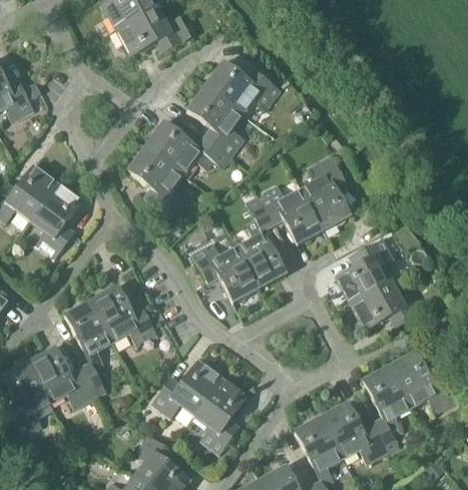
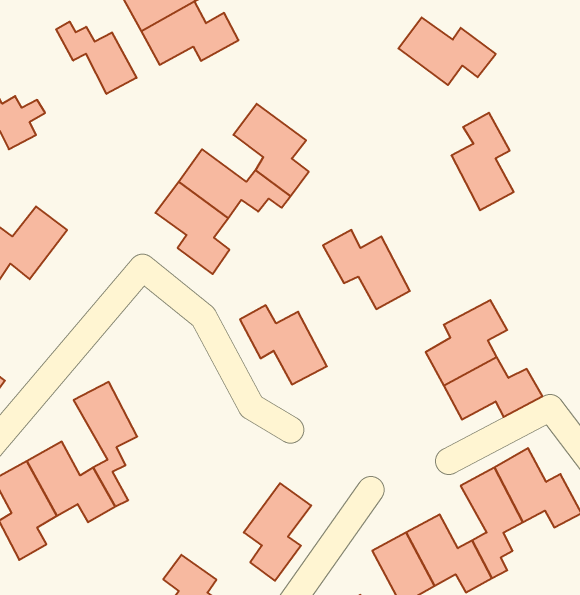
building: none -> [56,22,137,94]
building: [204,61,280,113] -> [398,17,496,85]
building: [301,154,349,229] -> [451,113,514,210]
building: [29,182,82,258] -> none
building: [237,194,285,288] -> none
building: [90,285,156,346] -> none
building: [150,360,222,417] -> none

